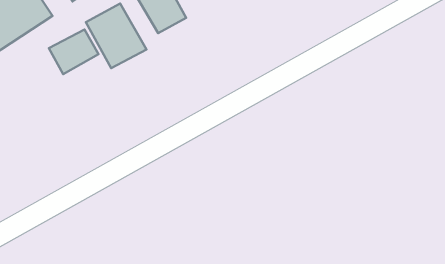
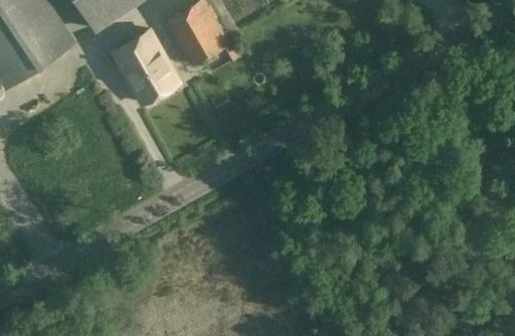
building: [49,29,98,74] -> none

